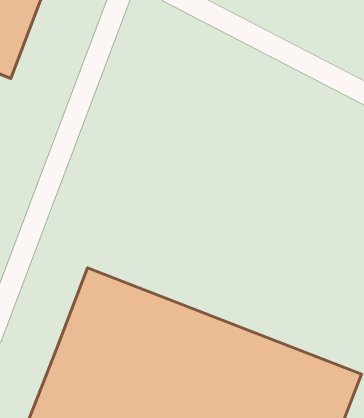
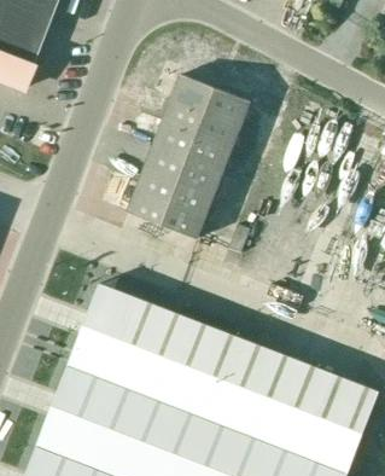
building: none -> [127,75,250,238]

